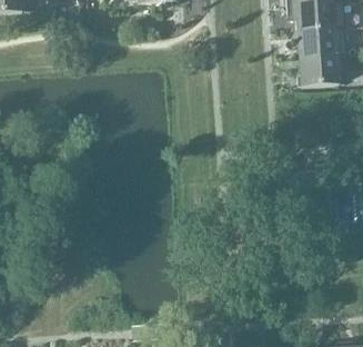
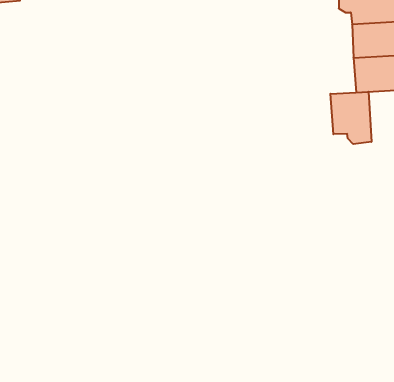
building: none -> [330,92,371,144]

